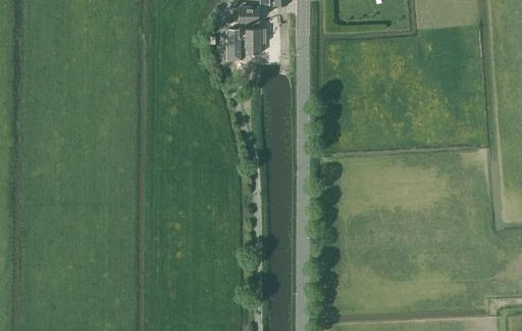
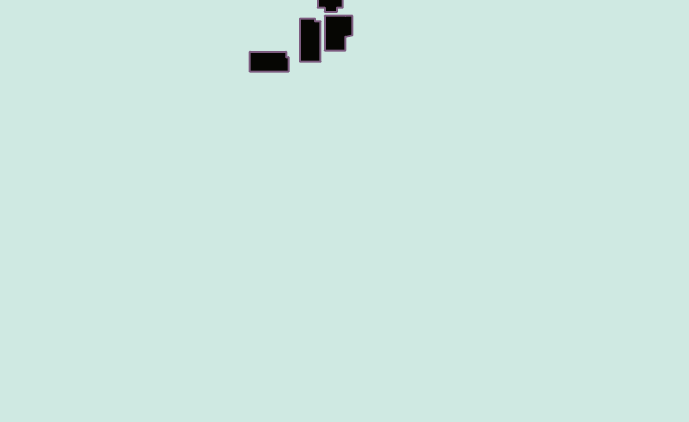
building: none -> [250,52,288,72]

